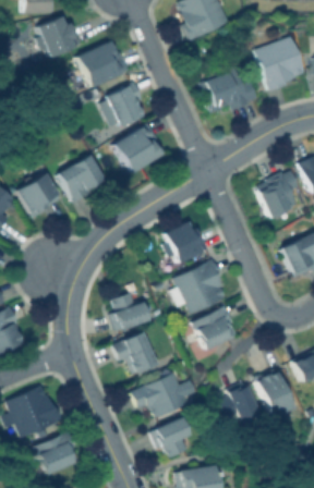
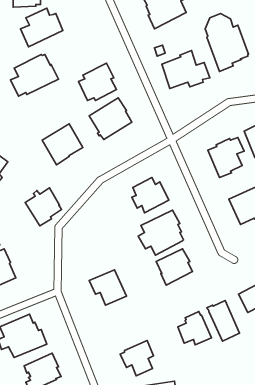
building: [72,41,130,92] -> [11,55,58,96]
building: [16,174,60,220] -> [25,188,61,226]
building: [111,292,150,331] -> none
building: [131,373,195,418] -> none

